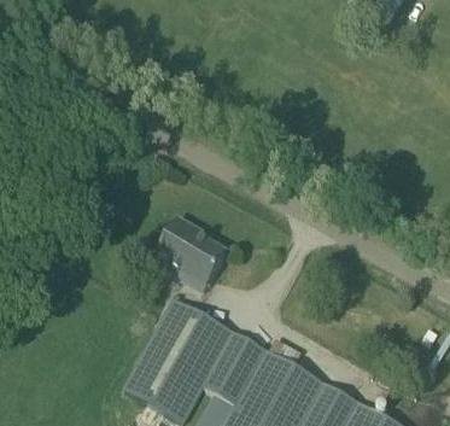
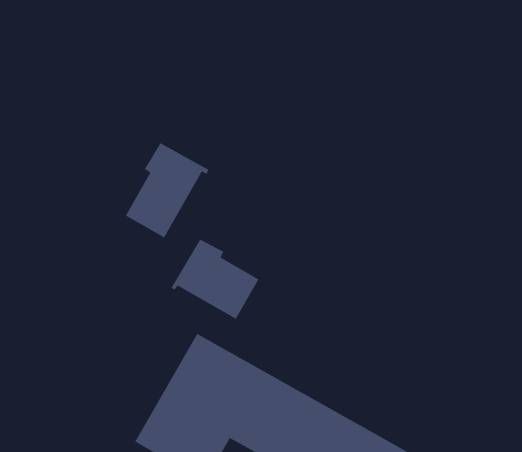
building: none -> [125,142,209,238]

